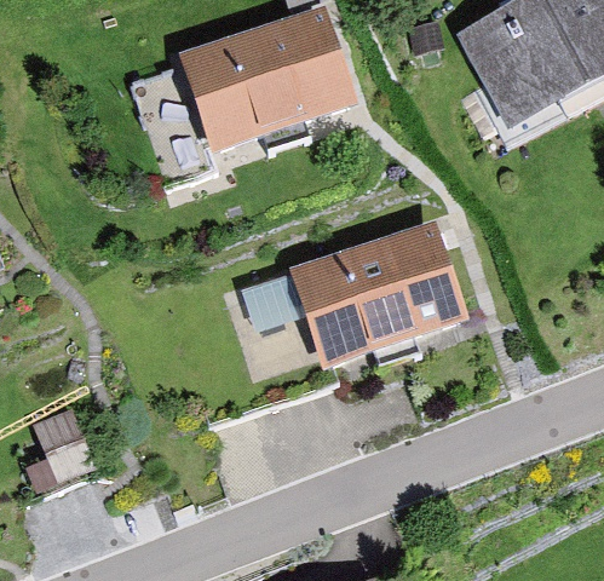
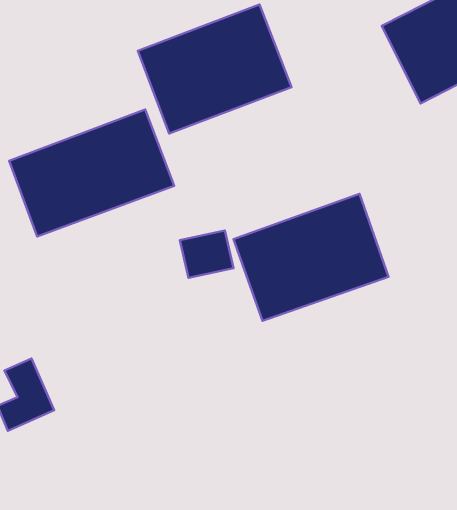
building: none -> [9,109,174,236]

